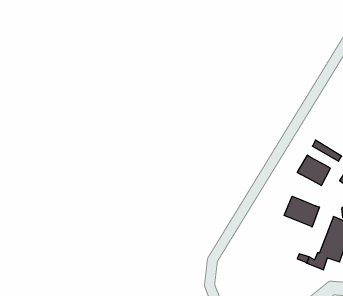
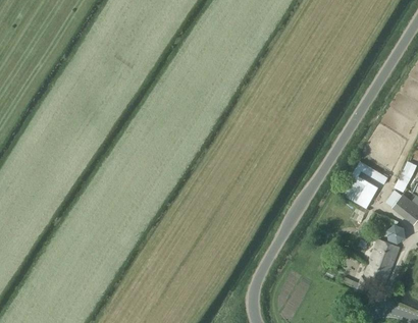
building: [284,196,319,227] -> none

